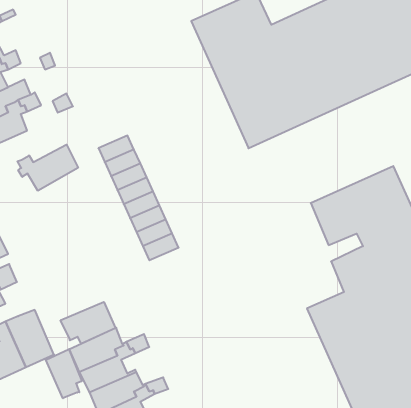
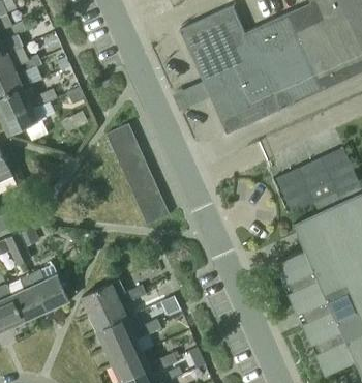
building: [17,145,78,191] -> none
building: [61,302,115,344] -> none
building: [46,349,82,398] -> none

